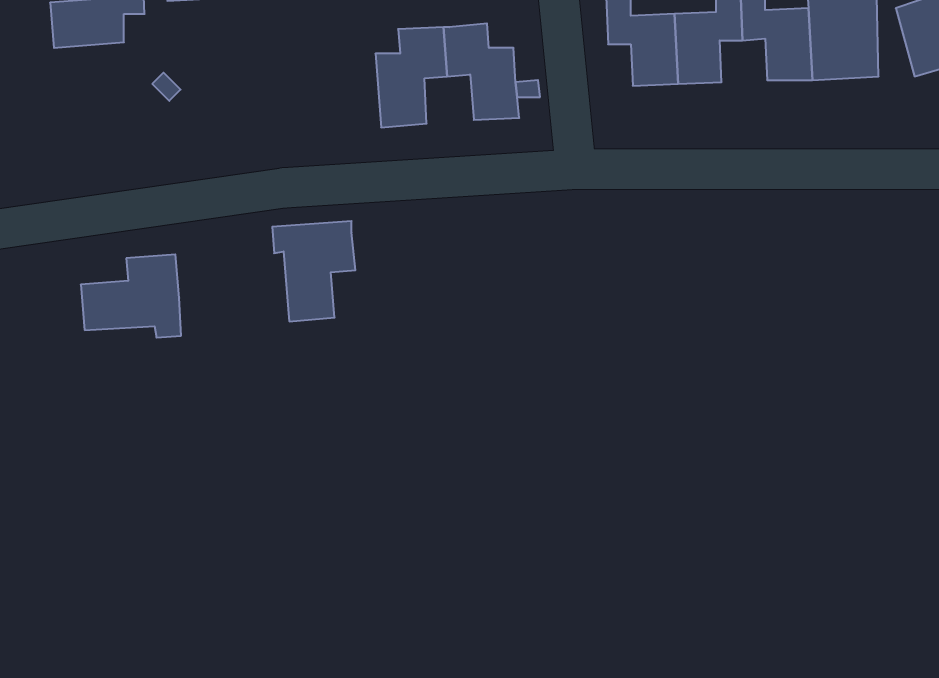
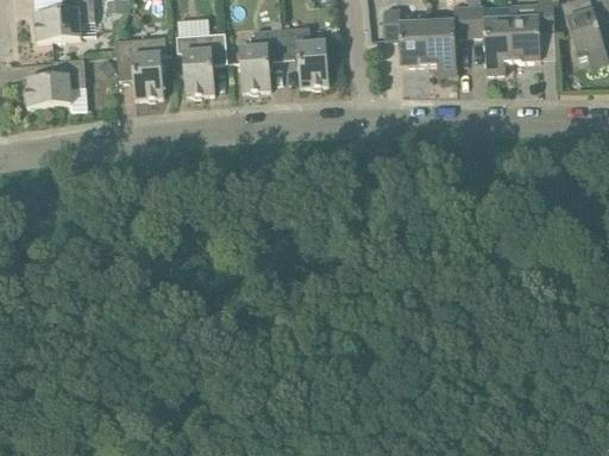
building: none -> [115,36,165,99]
building: [272,221,355,321] -> [175,32,227,95]
building: [81,254,181,338] -> [24,58,87,111]

